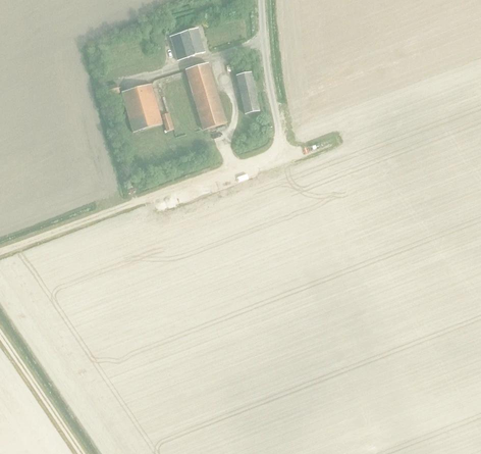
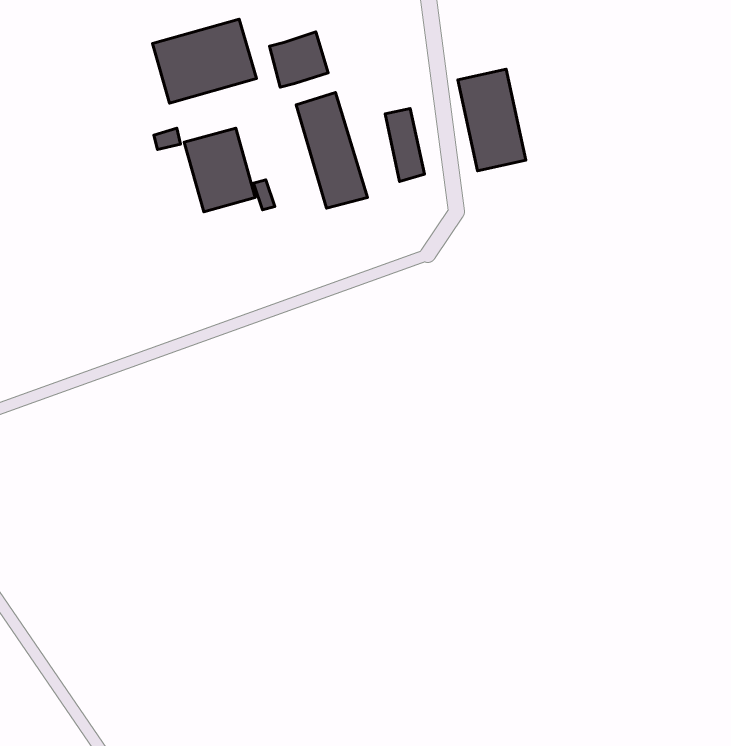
building: none -> [152,19,256,103]
building: none -> [458,69,526,171]

